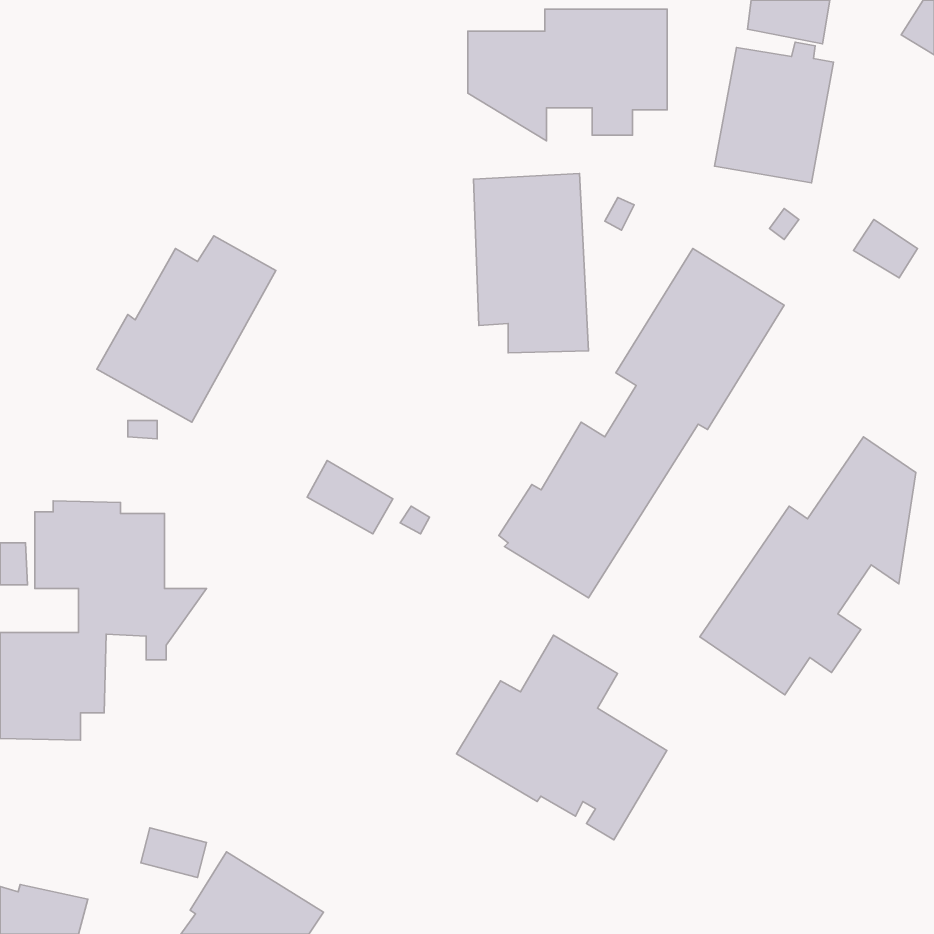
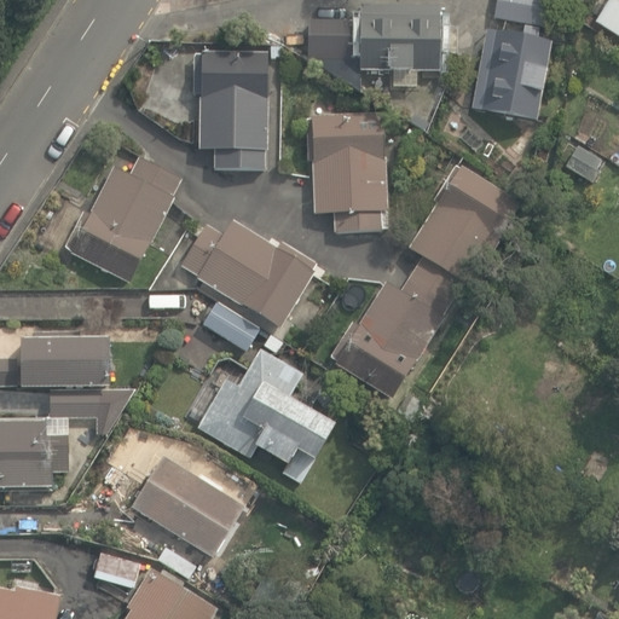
building: none -> [196,54,268,170]
building: none -> [180,219,314,324]
building: [700,437,916,695] -> none
building: [457,635,667,840] -> [195,346,334,481]
building: none -> [133,458,245,559]

